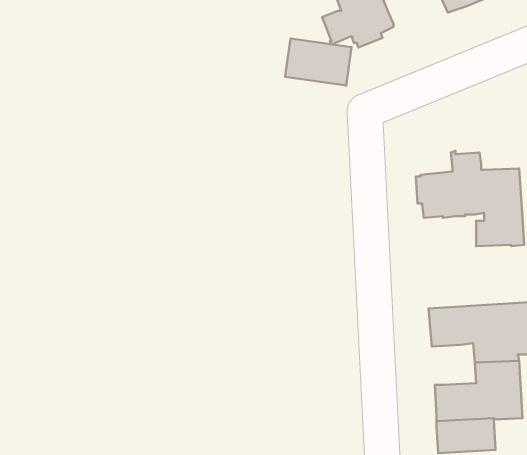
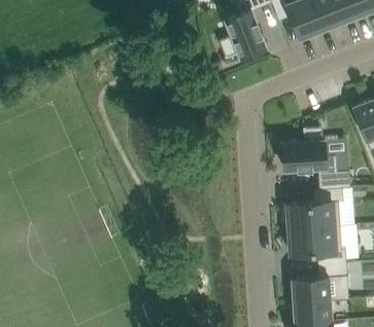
building: [285,39,352,85] -> none
building: none -> [285,188,344,229]

